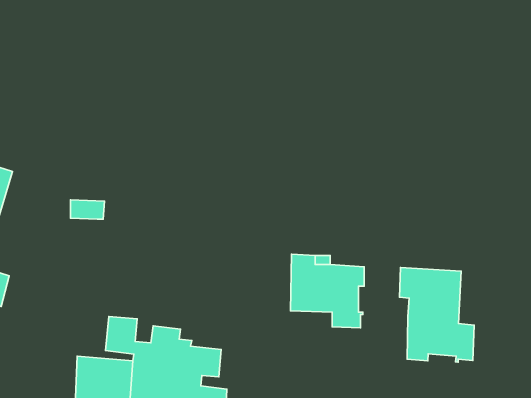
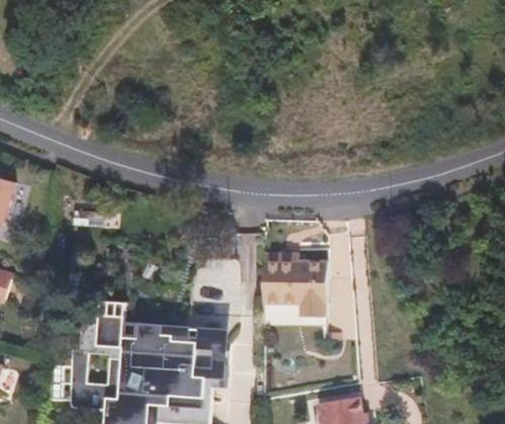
building: [400,267,474,362] -> none
building: none -> [165,320,211,373]

